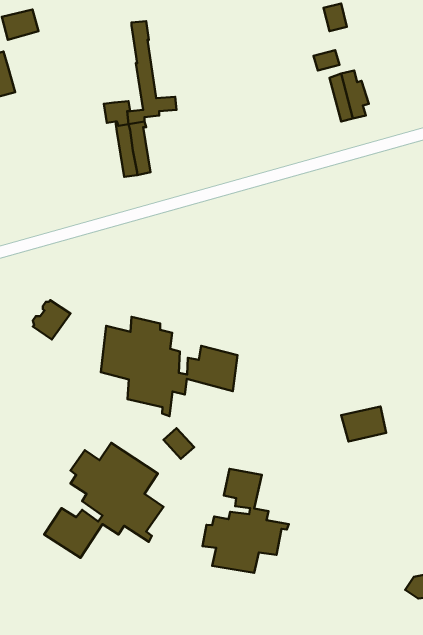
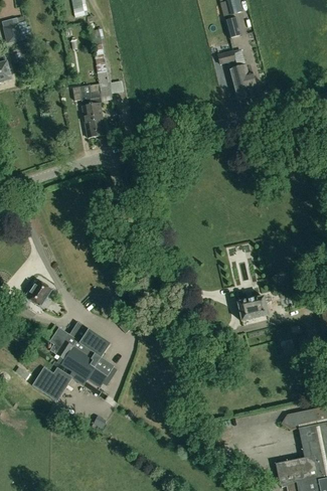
building: [33,300,71,340] -> [26,279,52,306]
building: [101,317,237,416] -> none
building: [203,469,289,573] -> none

